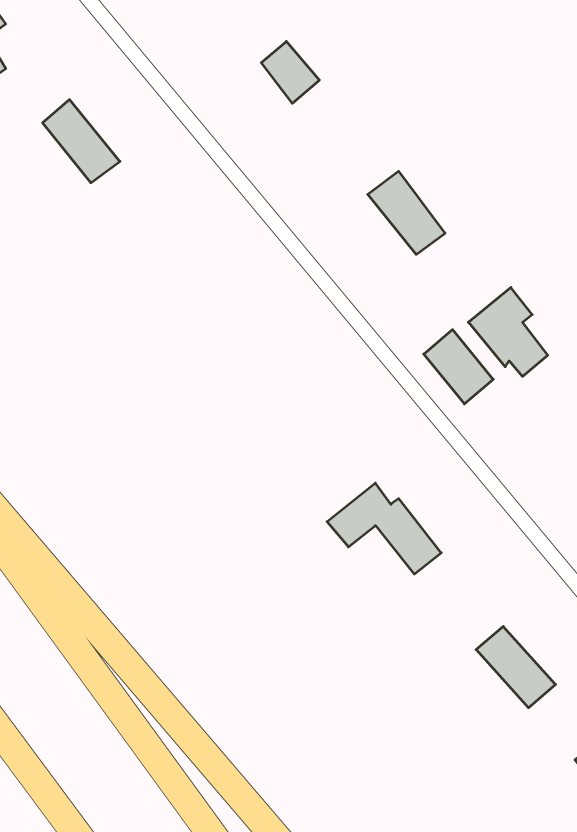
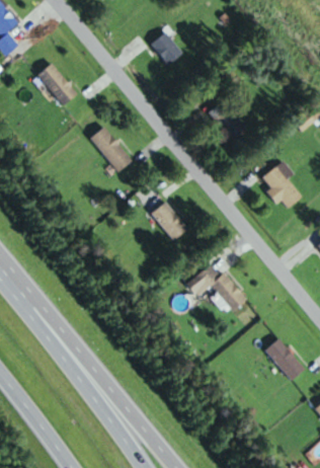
building: none -> [90,127,133,172]
building: [424,330,493,404] -> none
building: none -> [152,202,188,240]

